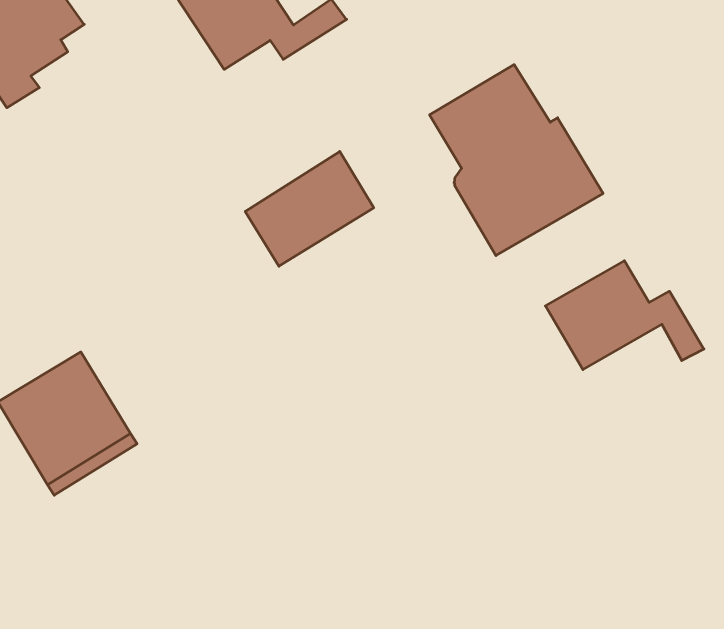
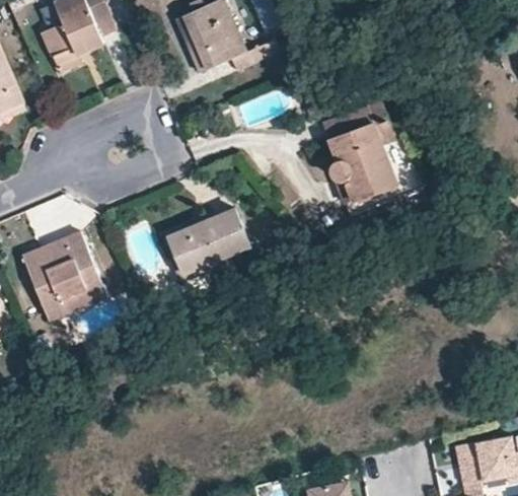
building: [245,151,374,266] -> [167,208,247,273]
building: [545,261,704,370] -> none

